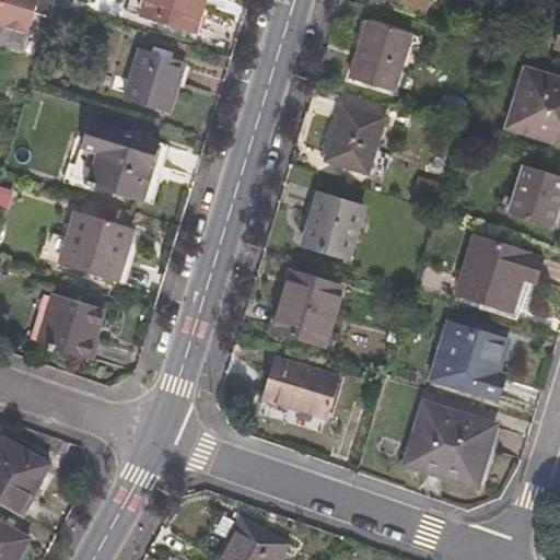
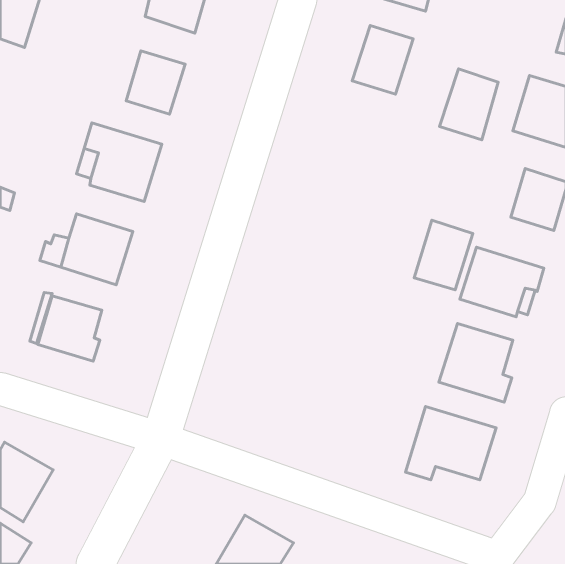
building: [324,107,382,177] -> [440,69,498,140]
building: [303,189,361,258] -> [414,220,473,290]
building: [272,272,340,345] -> none
building: [257,351,339,416] -> none

